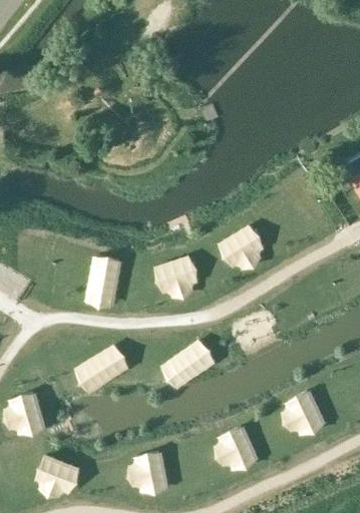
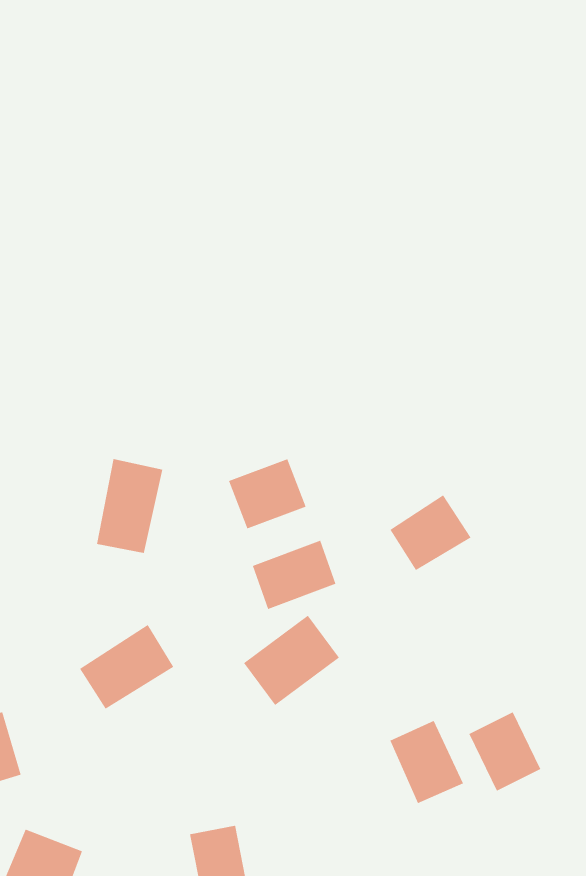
building: [221,225,265,267] -> [389,495,471,571]
building: none -> [252,540,336,610]
building: [220,426,260,471] -> [389,720,464,804]

